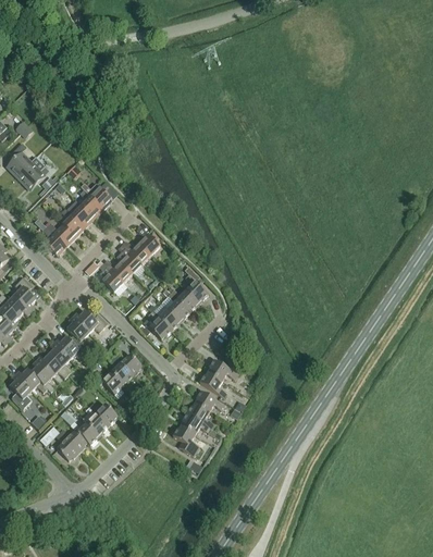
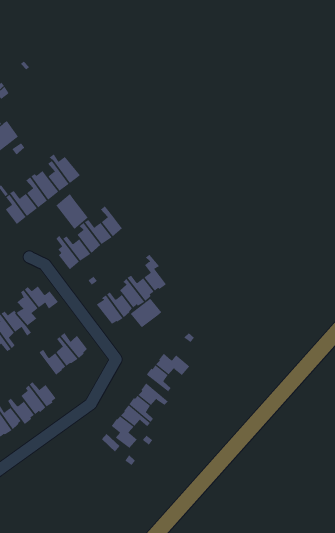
building: none -> [56,193,89,230]
building: none -> [130,298,162,328]

